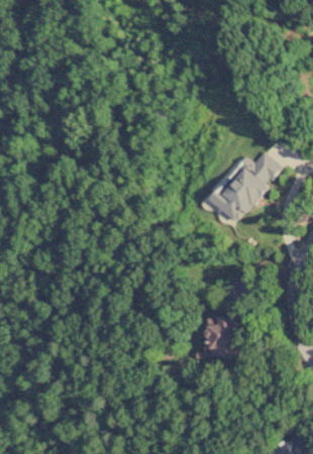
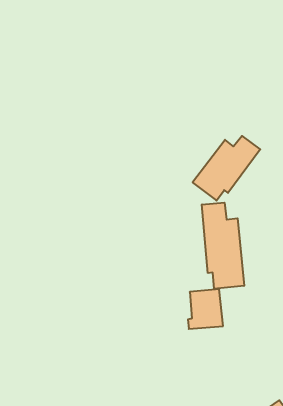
building: none -> [202,203,244,289]

